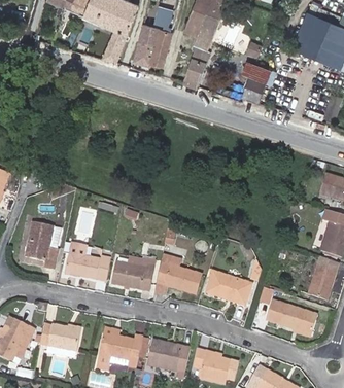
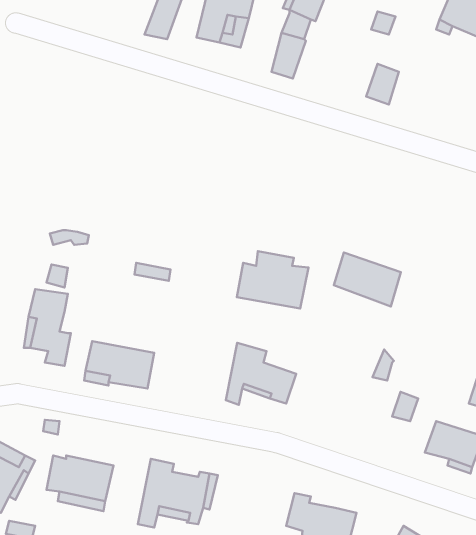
building: [241,60,272,82] -> none
building: [111,254,157,290] -> [237,251,308,308]
building: [208,273,250,307] -> [334,253,401,307]
building: [150,341,190,371] -> none

